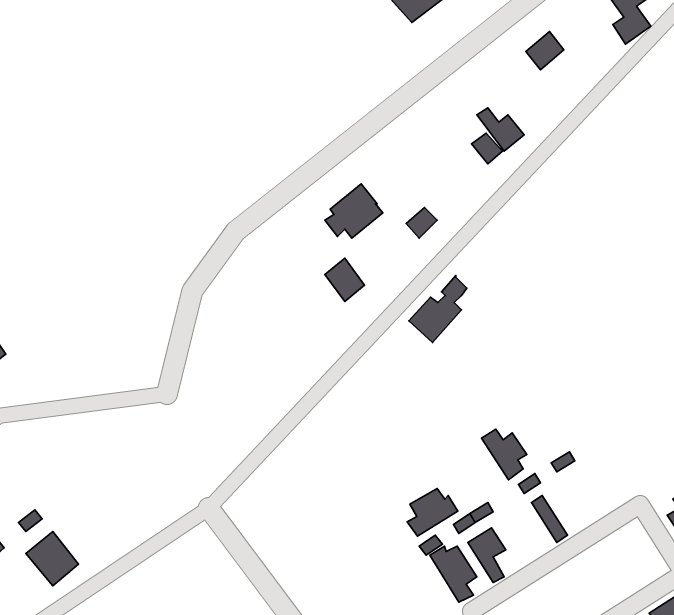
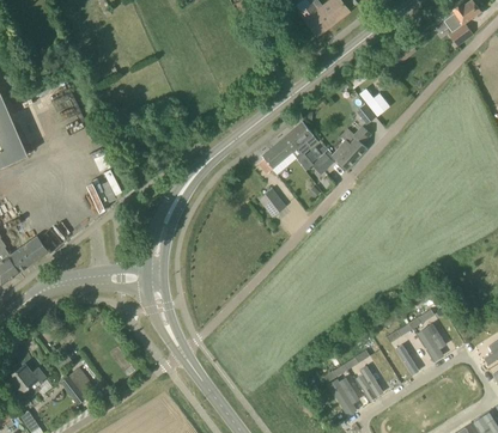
building: none -> [281,121,317,158]
building: [409,275,467,342] -> [330,124,369,169]
building: [481,429,527,480] -> [415,327,445,360]
building: [407,488,458,536] -> none

